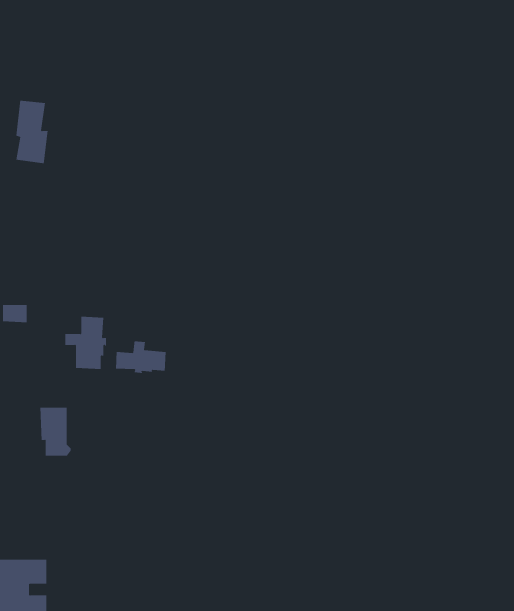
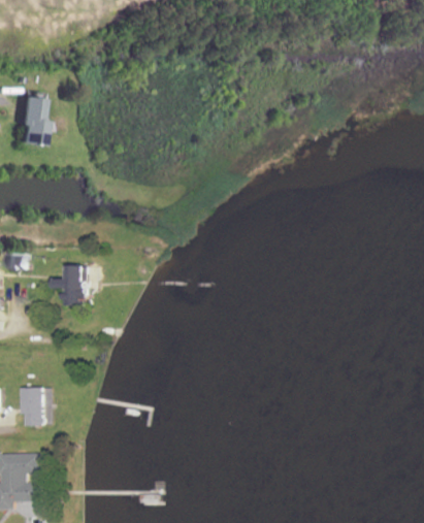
building: [116,340,166,374] -> none
building: [40,407,71,456] -> [23,387,47,425]

